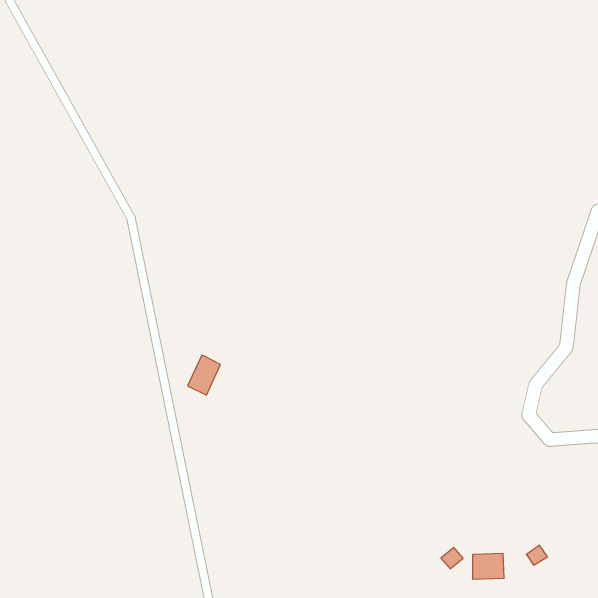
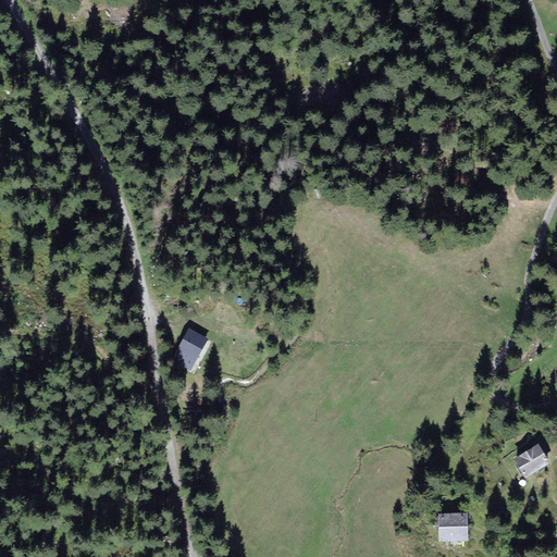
building: none -> [512,445,547,476]

